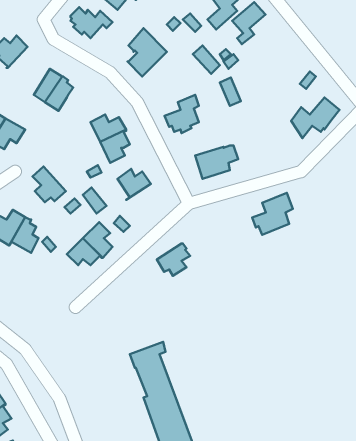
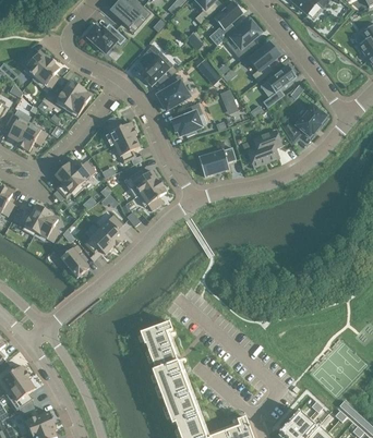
building: none -> [248,42,278,81]
building: none -> [32,59,59,89]
building: none -> [262,64,296,108]
building: none -> [157,74,188,109]
building: none -> [63,159,95,187]
building: [252,193,293,235] -> [244,130,280,167]
building: [157,244,190,276] -> [136,181,166,209]
building: none -> [60,244,88,277]

